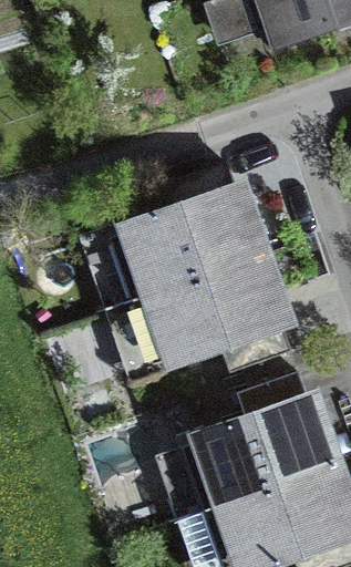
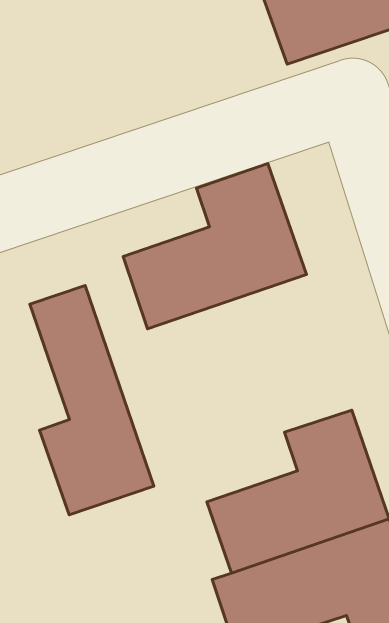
building: [131,244,299,360] -> none
building: none -> [30,285,154,515]

